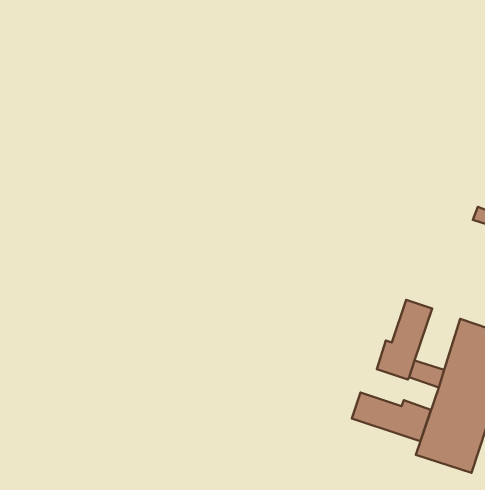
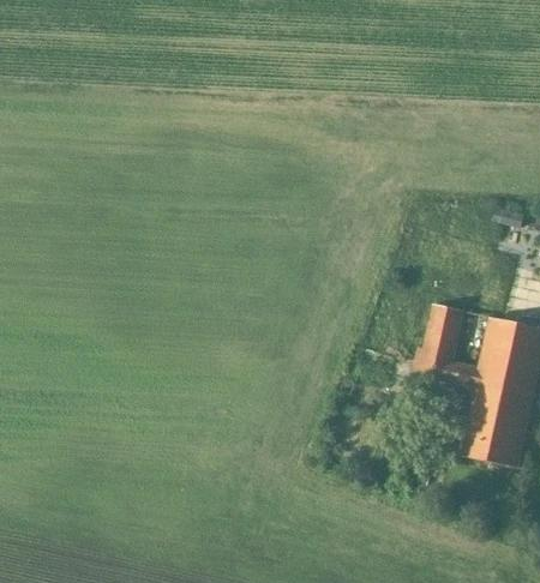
building: [352,392,431,441] -> none

